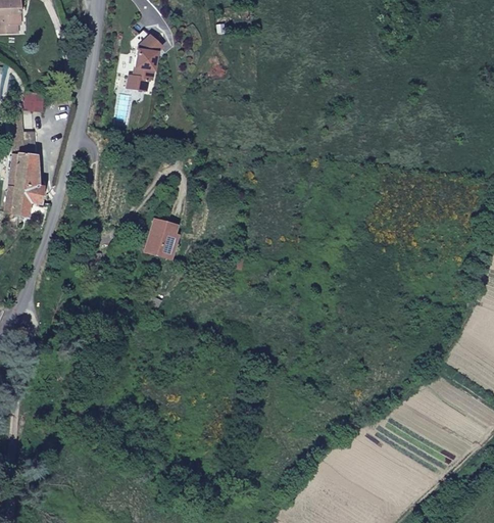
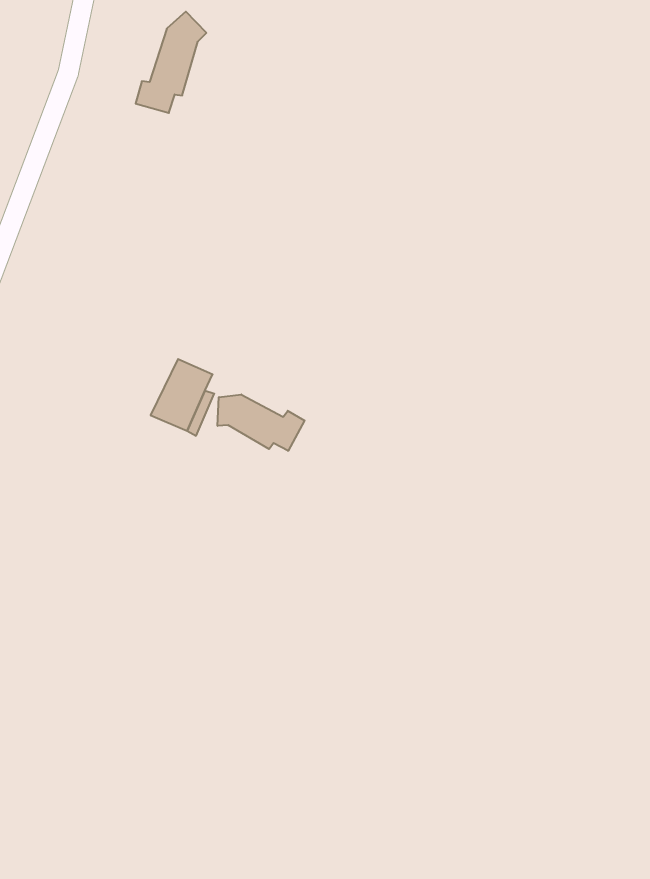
building: none -> [218,394,305,451]

